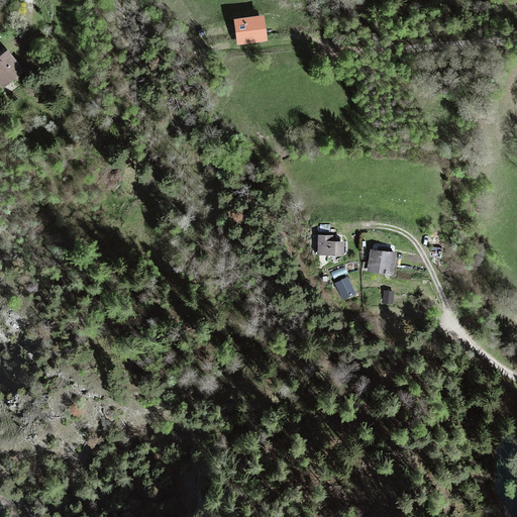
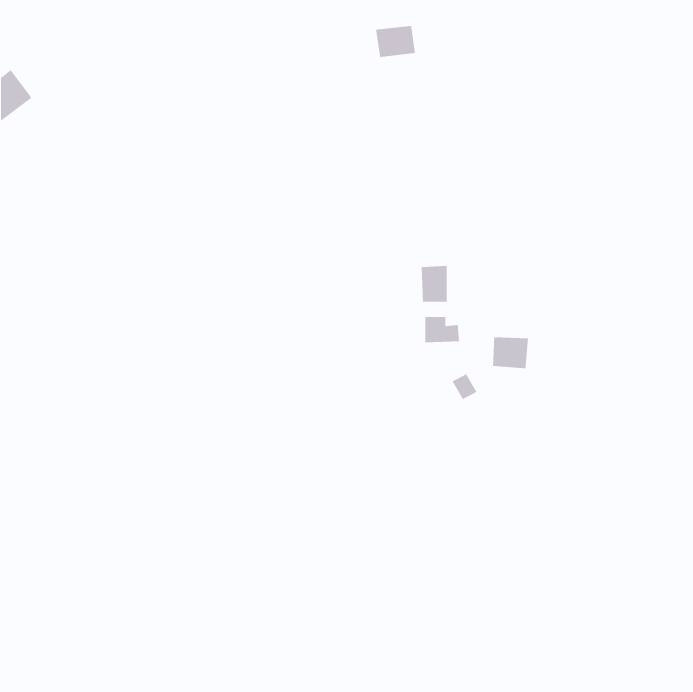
building: [235,16,266,40] -> [375,25,416,58]
building: none -> [421,265,448,302]

